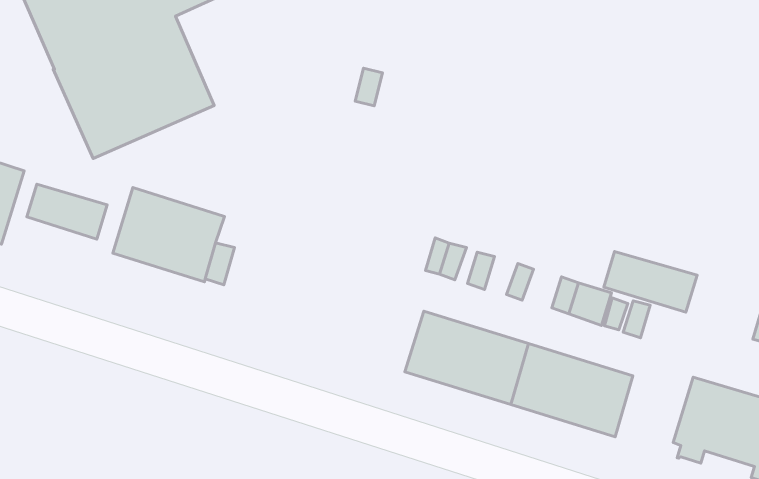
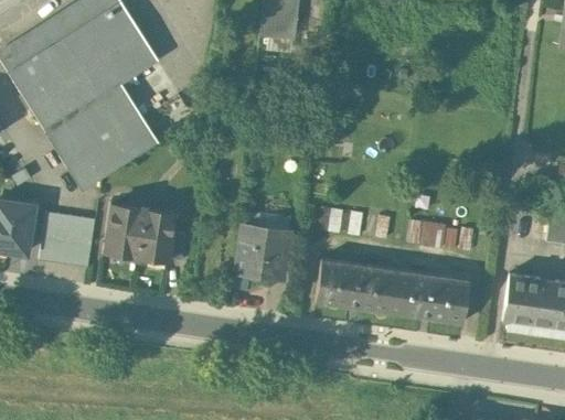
building: none -> [39,236,92,268]
building: none -> [236,224,288,277]
building: [604,251,697,312] -> none

